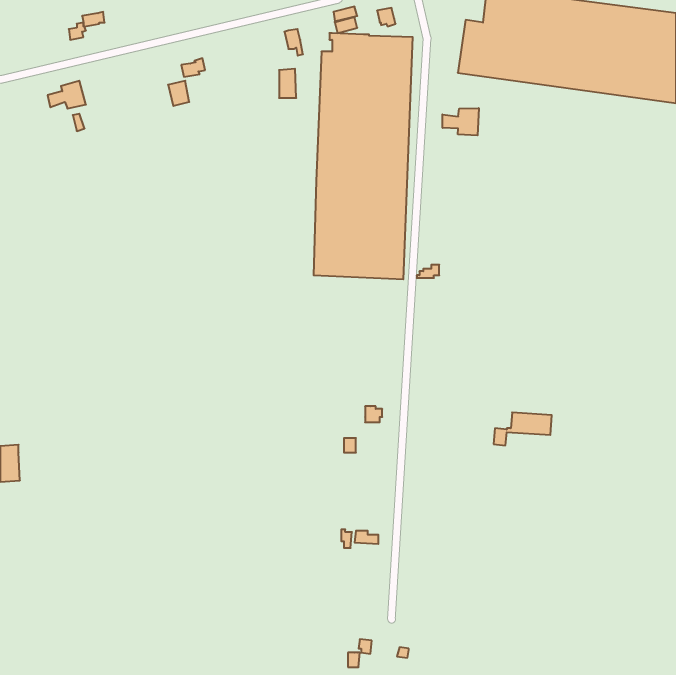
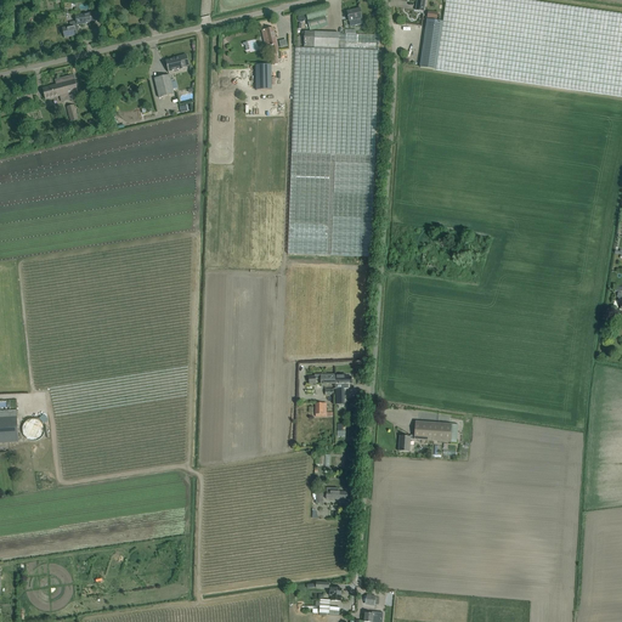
building: [442,108,479,135] -> none
building: [494,412,552,445] -> [398,420,452,451]

